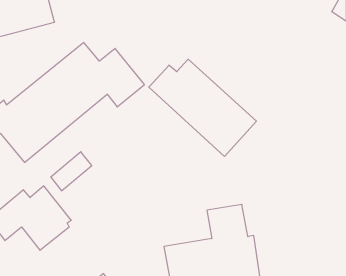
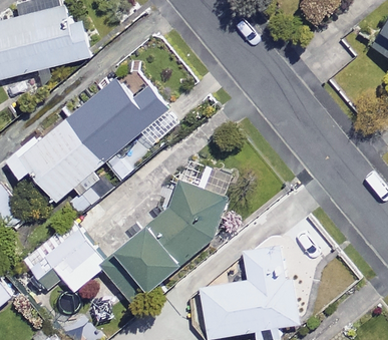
building: [149,59,256,156] -> none
building: none -> [101,182,227,307]

